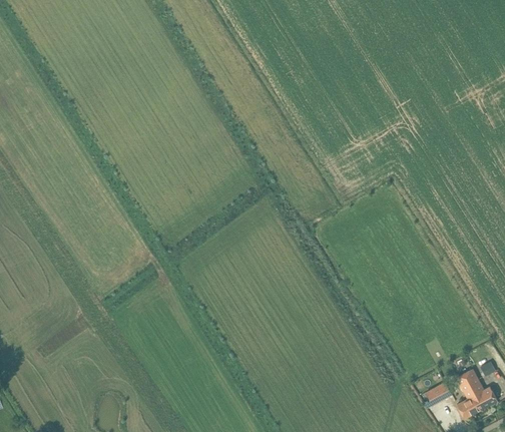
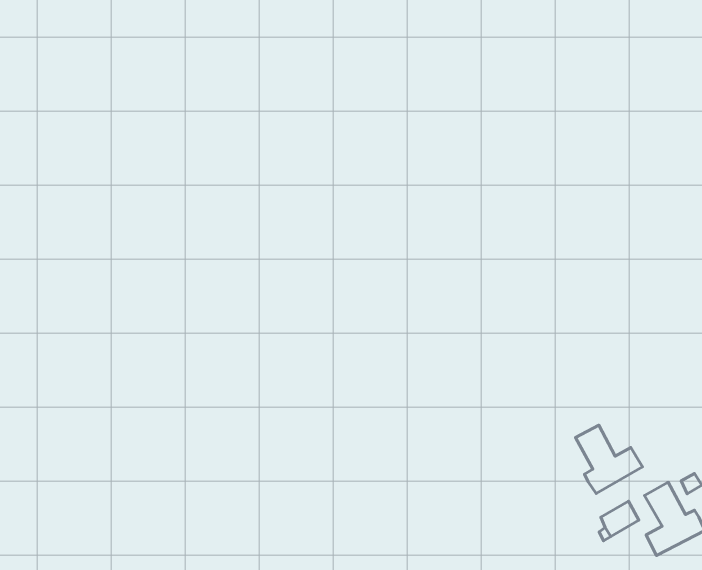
building: none -> [576,425,642,494]

